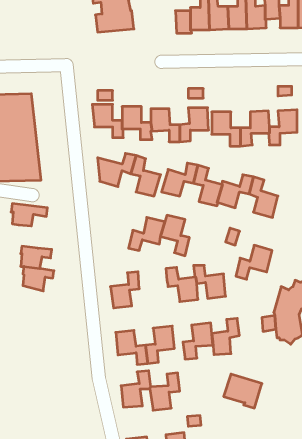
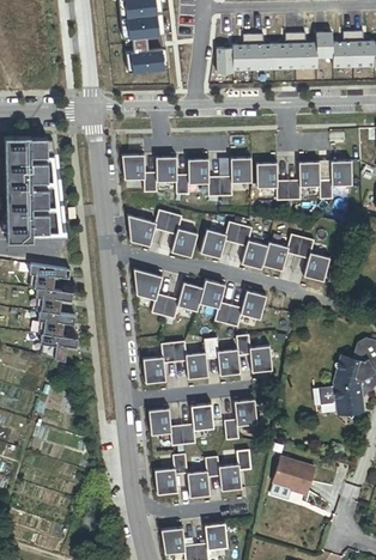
building: none -> [133,267,168,315]
building: none -> [38,288,74,315]
building: [236,245,272,279] -> [226,288,267,327]
building: none -> [174,340,210,378]
building: [212,318,239,355] -> [219,449,250,489]

